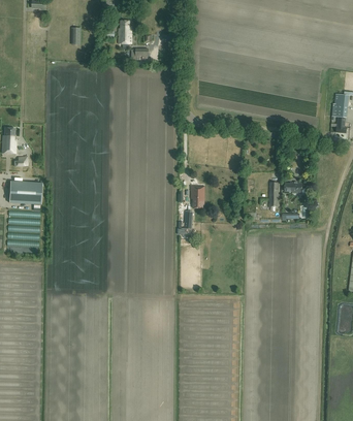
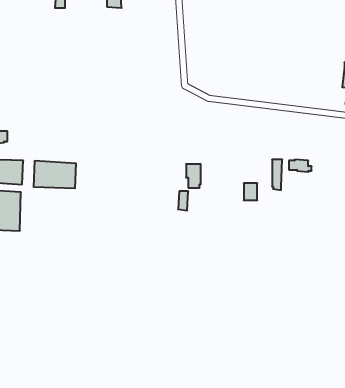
building: none -> [34,161,76,188]

